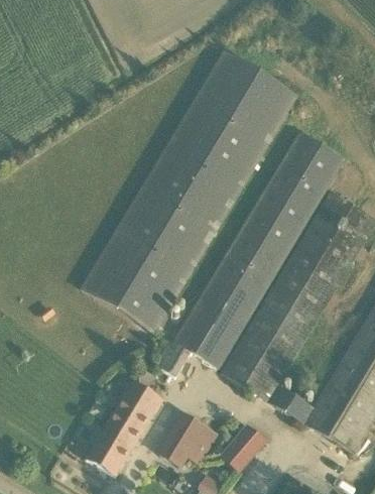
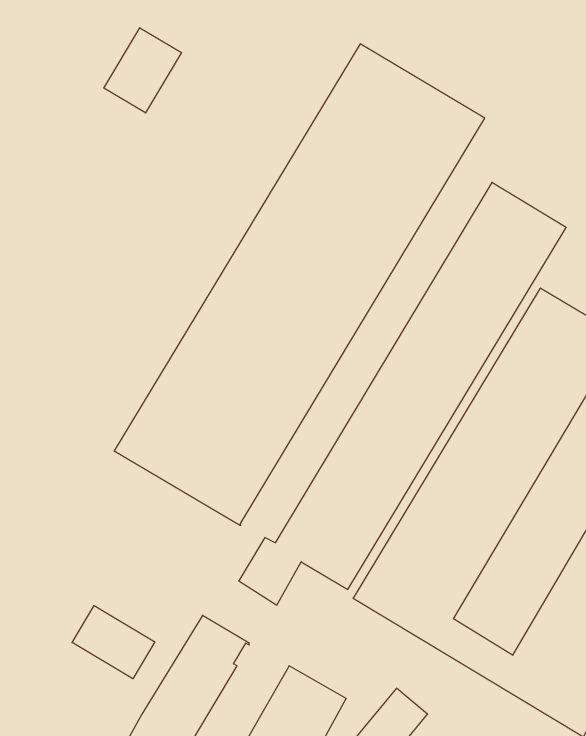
building: none -> [104,28,182,113]
building: none -> [72,606,155,679]

